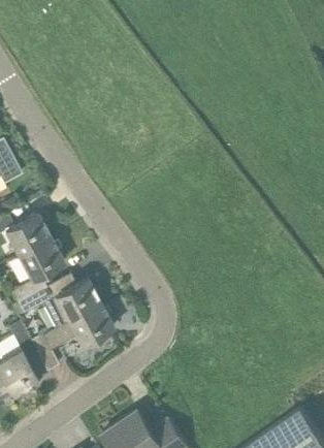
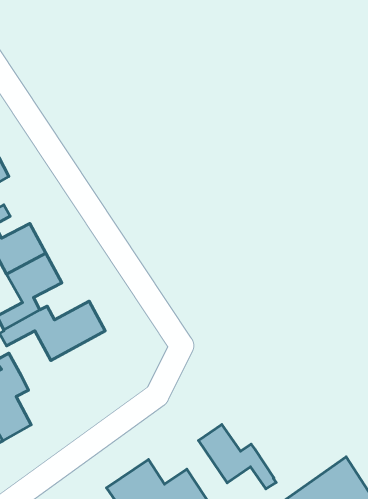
building: [31,303,115,372] -> none
building: none -> [199,425,276,489]

